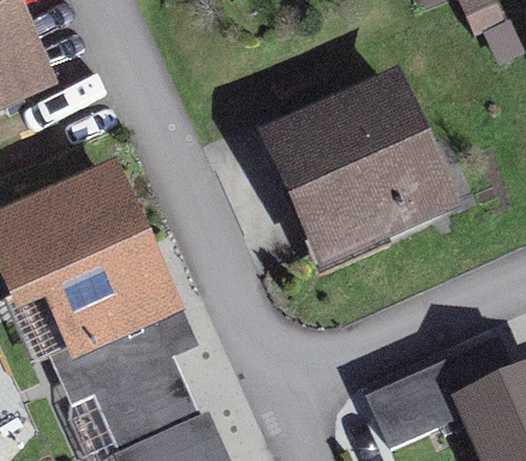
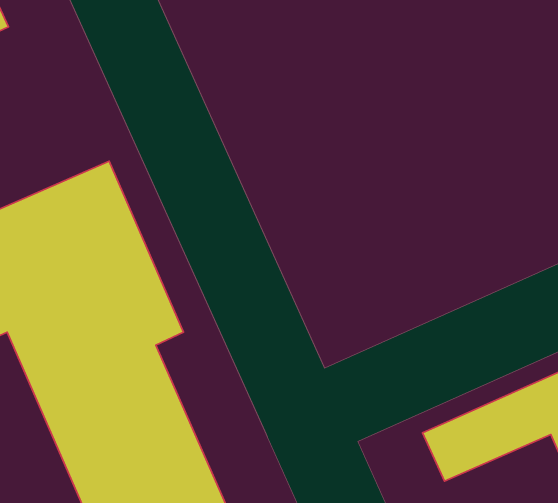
building: [285,78,446,235] -> none

